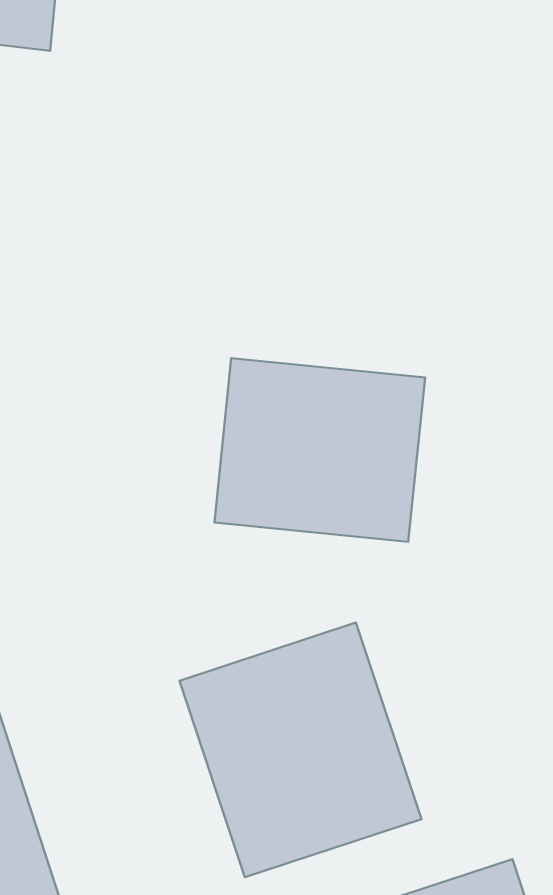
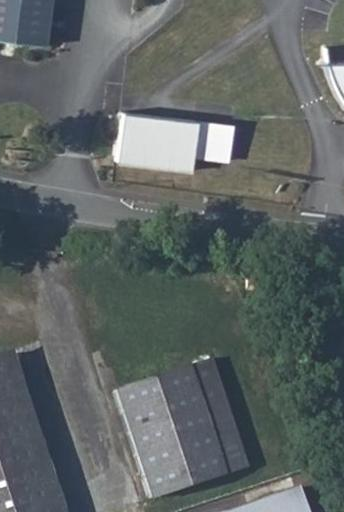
building: none -> [117,114,233,170]
building: [214,358,425,542] -> none

